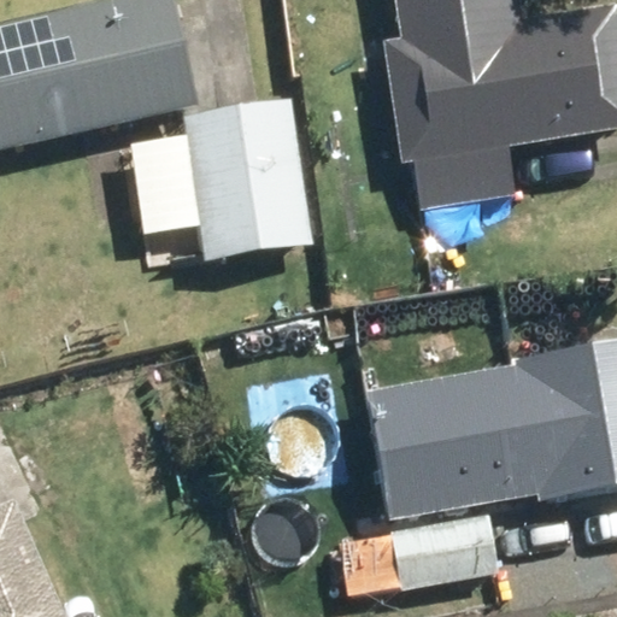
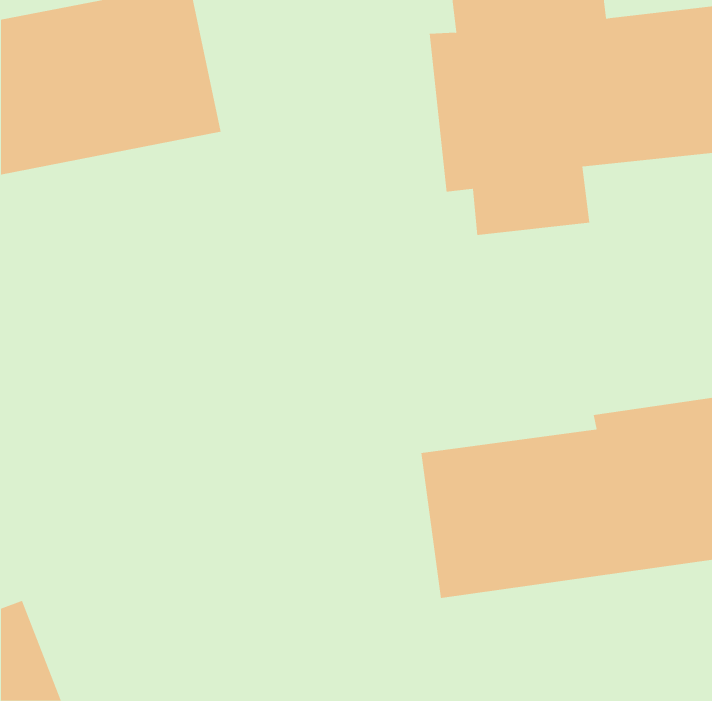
building: [135,106,318,260] -> none
building: [342,513,500,598] -> none

